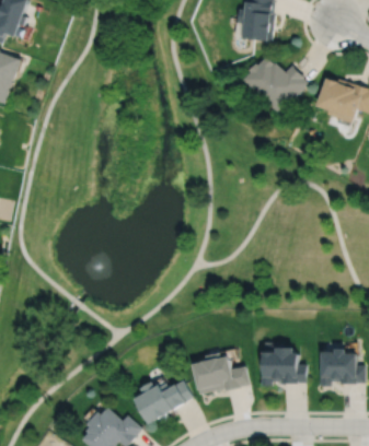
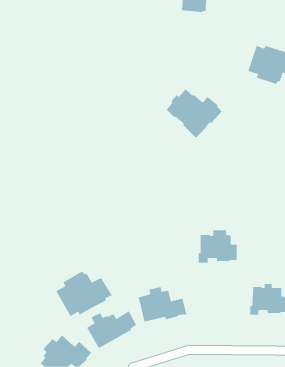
building: [243,57,308,114] -> [166,88,223,138]
building: none -> [56,271,112,317]
building: [261,348,305,386] -> [198,230,237,263]

